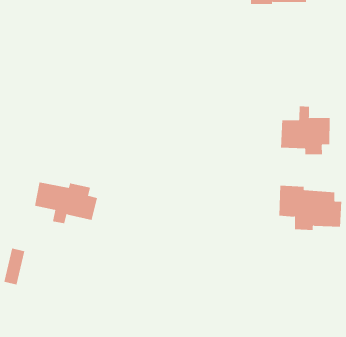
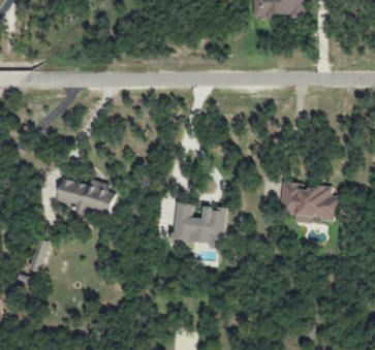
building: [280,106,330,155] -> none
building: none -> [171,201,224,248]

